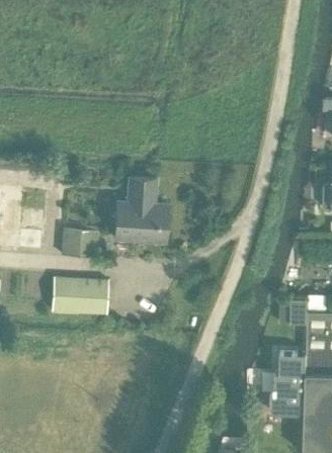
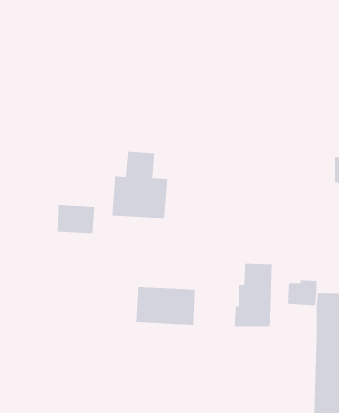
building: [51,277,107,314] -> [135,286,195,326]
building: [270,353,307,414] -> [234,263,273,327]

